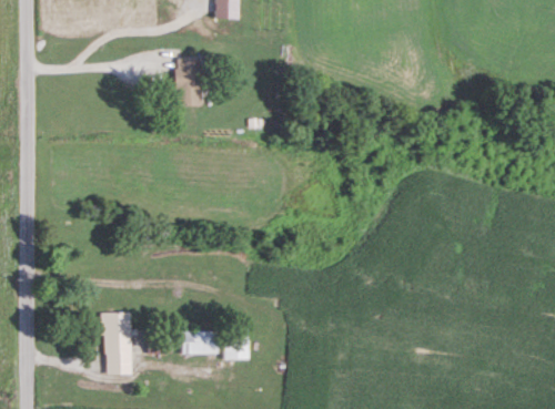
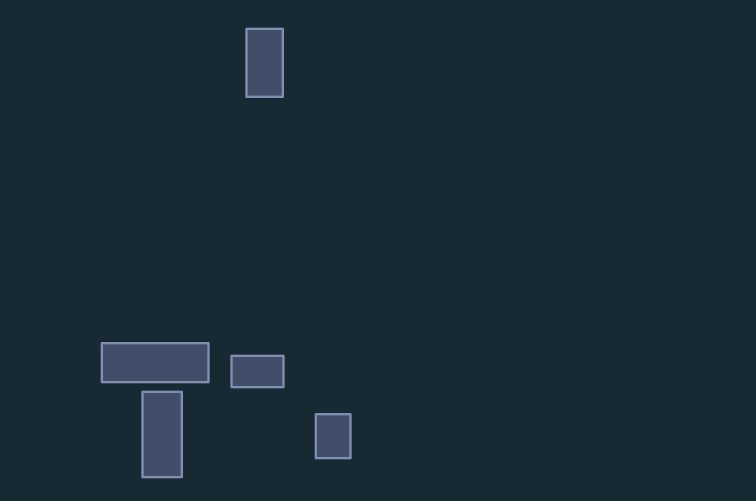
building: none -> [102,343,208,382]
building: [183,331,220,354] -> [231,356,283,387]

